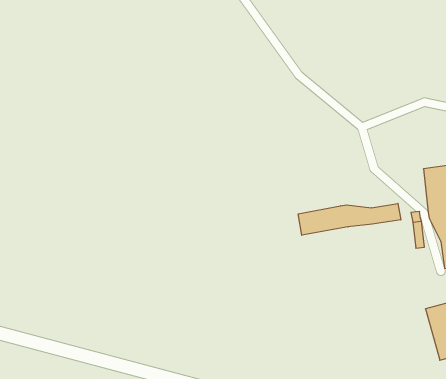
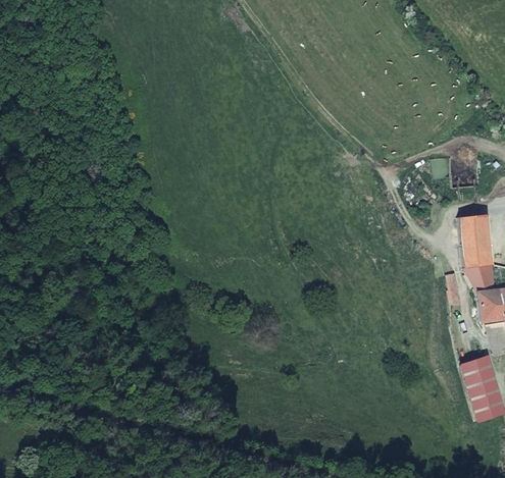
building: [298,203,401,235] -> none

